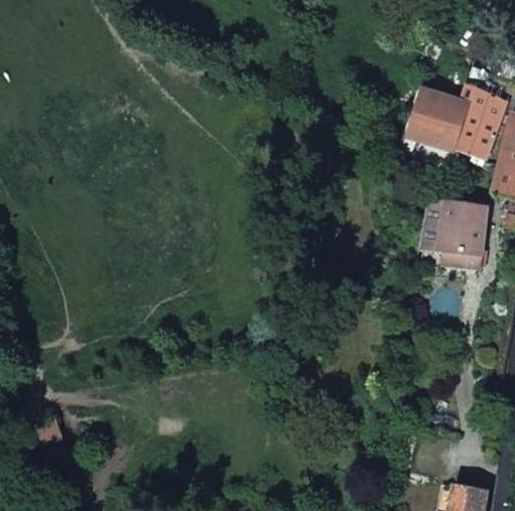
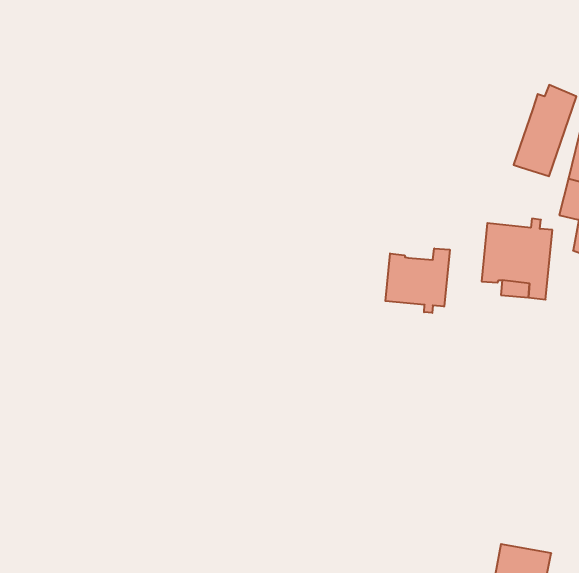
building: [399,81,473,175] -> none
building: none -> [385,248,450,313]

